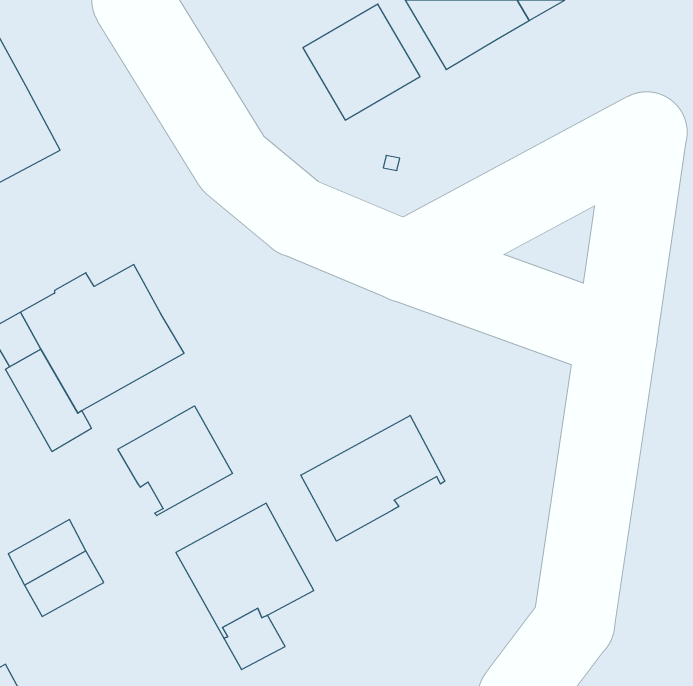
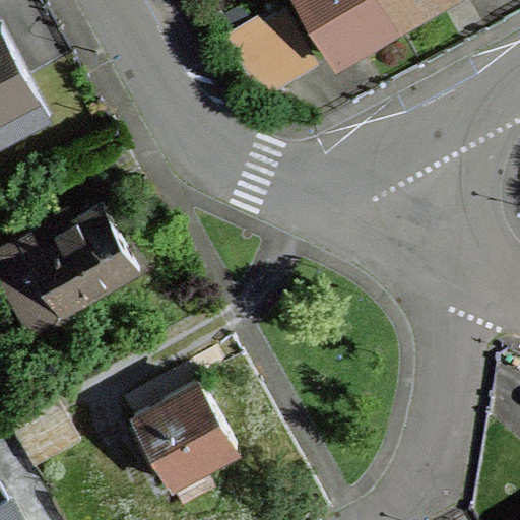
building: [118,406,233,516] -> none
building: [301,415,445,541] -> none

